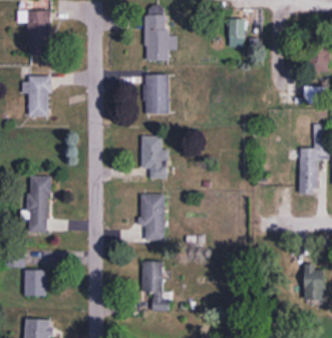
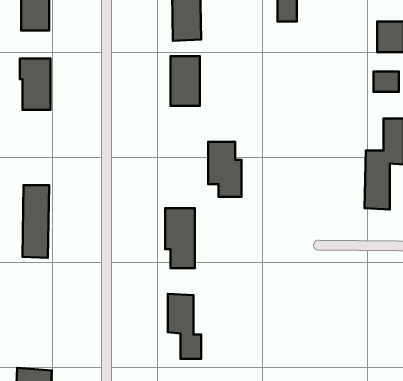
building: [142,135,169,179] -> [208,142,241,197]
building: [305,268,324,301] -> none
building: [25,270,47,297] -> none

